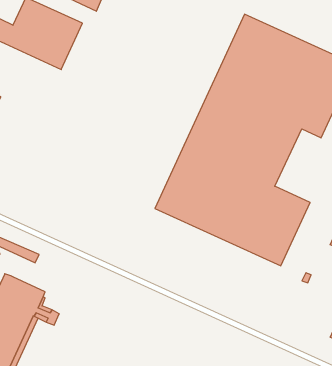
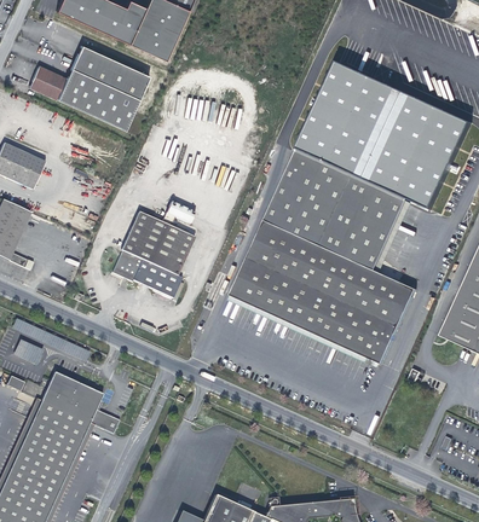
building: none -> [108,198,191,295]

